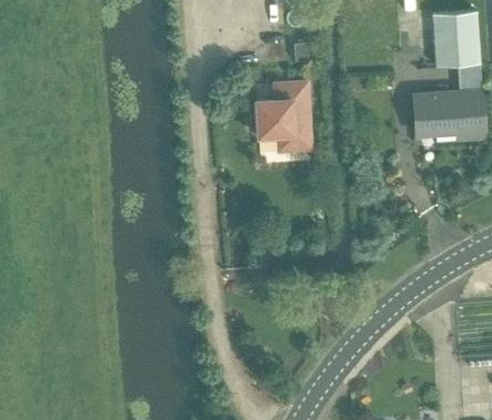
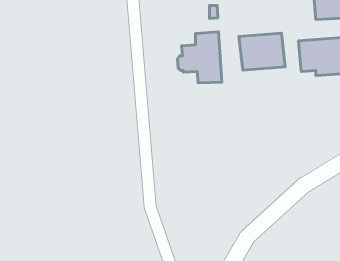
building: none -> [239,33,285,70]

